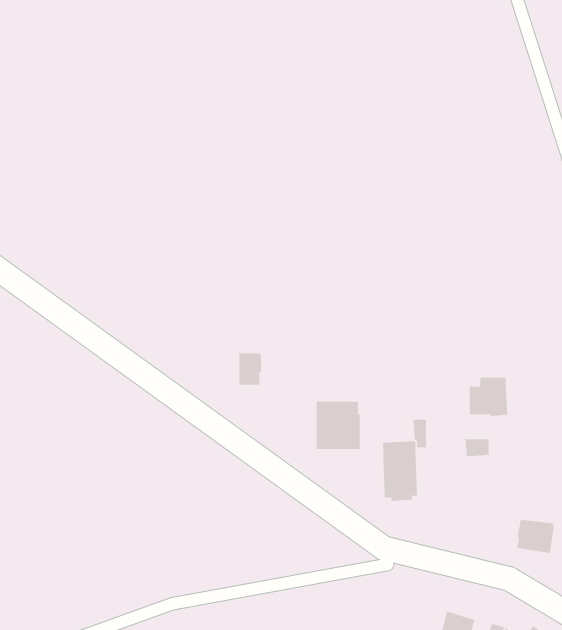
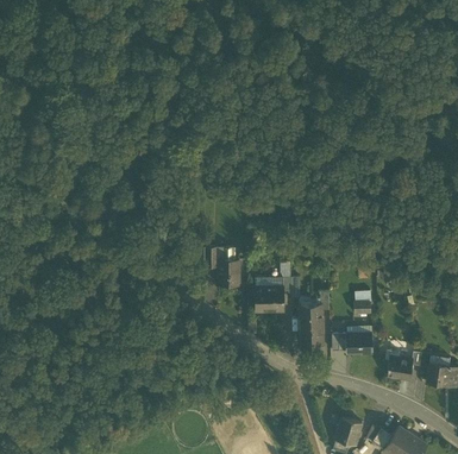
building: none -> [218,245,239,284]
building: [469,377,508,416] -> [346,327,372,353]

